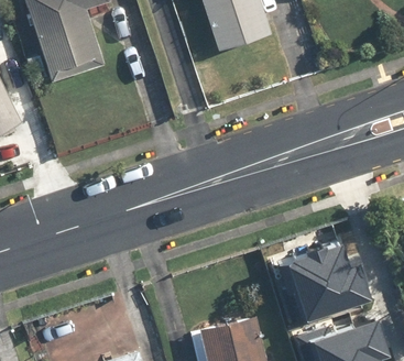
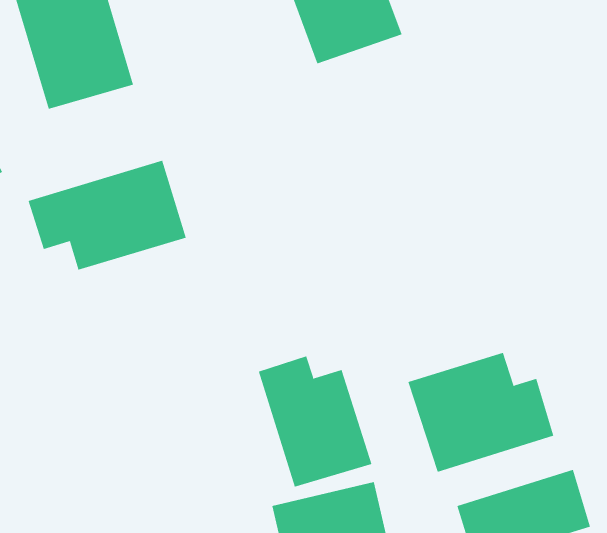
building: none -> [28,160,187,271]
building: none -> [258,355,372,487]

